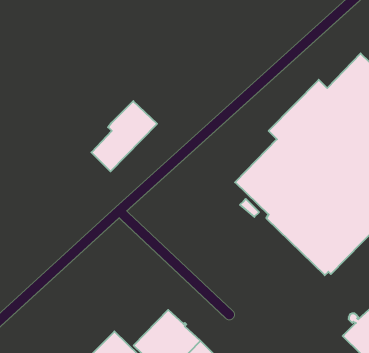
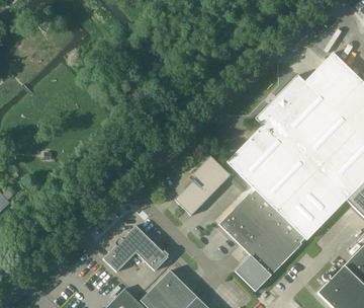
building: [91,101,157,171] -> [175,156,231,216]
building: none -> [218,192,302,291]
building: none -> [103,226,168,273]

